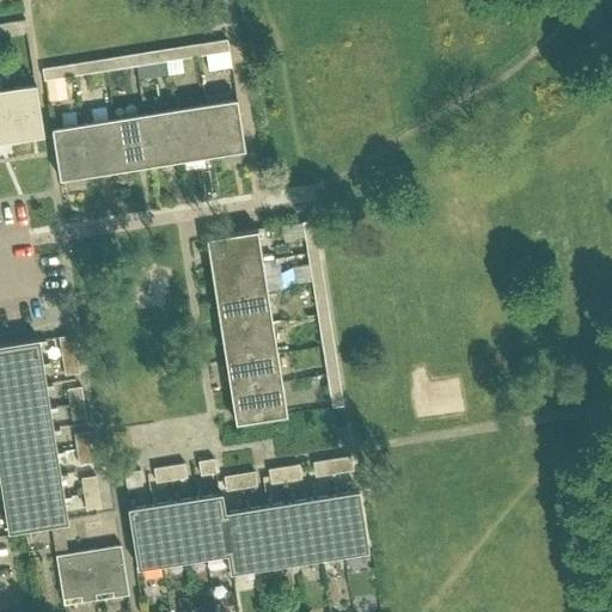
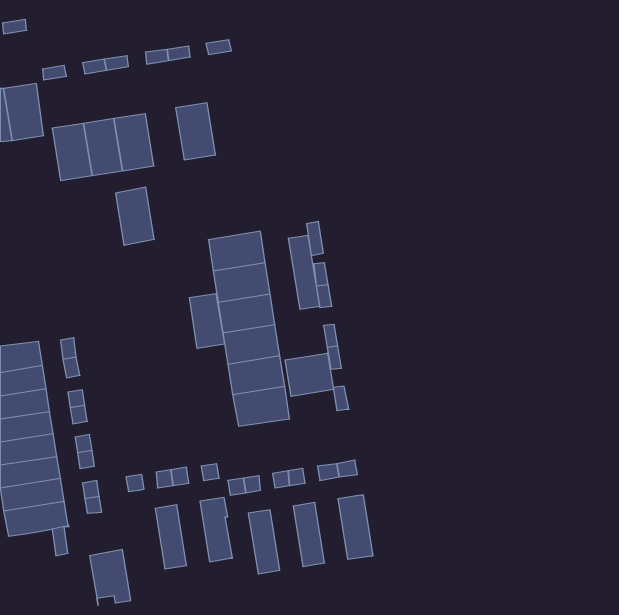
building: [204,100,244,157] -> none
building: [143,110,182,167] -> [116,187,154,245]
building: none -> [288,235,320,309]
building: none -> [190,294,225,349]
building: none -> [285,353,333,397]
building: [311,496,343,559] -> none
building: [175,498,207,562] -> none
building: [267,503,299,567] -> none
building: [128,506,163,569] -> none
building: [222,510,255,574] -> none
building: [56,552,97,606] -> none

